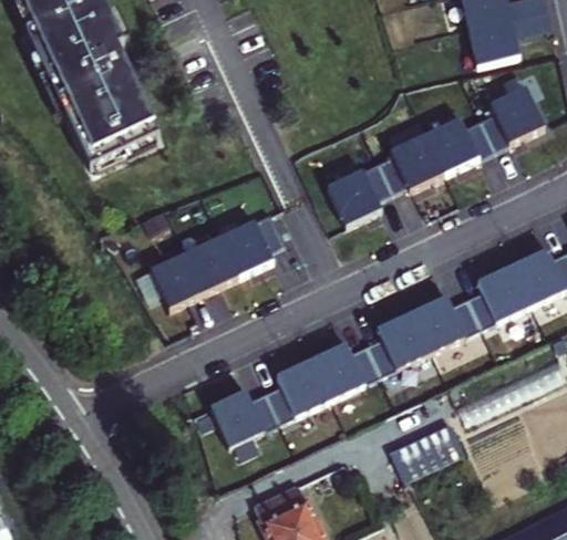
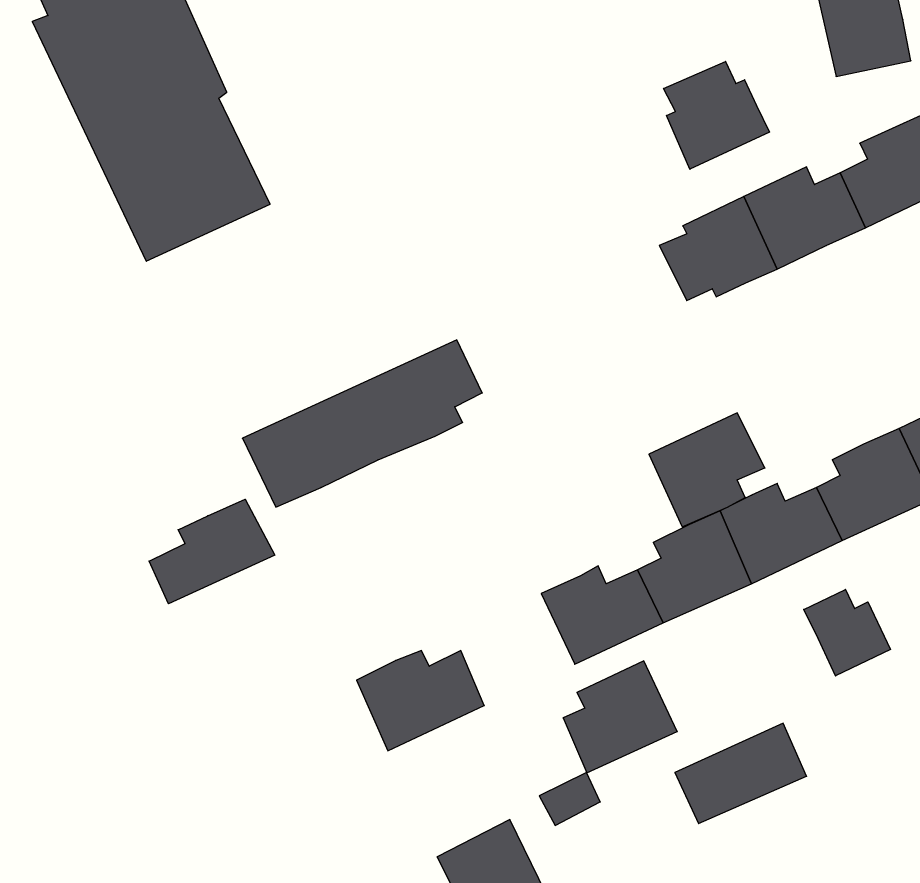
building: none -> [664,61,770,169]
building: [331,162,396,226] -> [649,413,765,527]
building: none -> [149,499,275,604]
building: none -> [804,589,890,676]
building: [269,357,333,420] -> [563,661,677,773]

